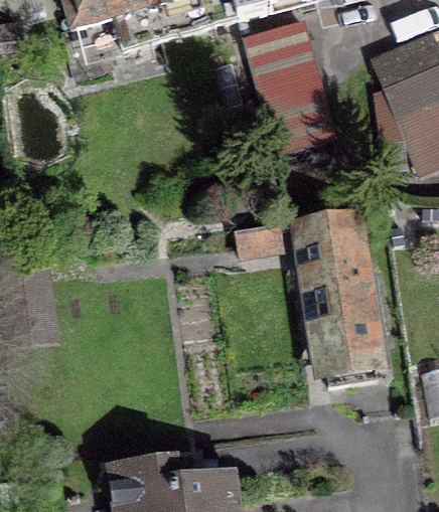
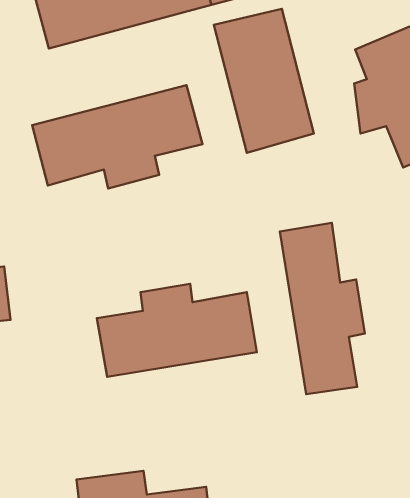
building: none -> [32,85,202,188]
building: none -> [97,284,257,377]

